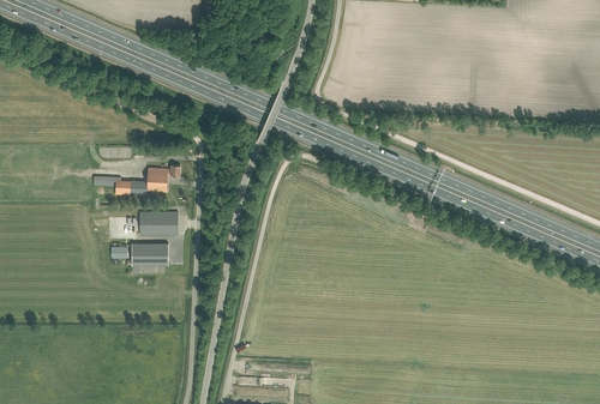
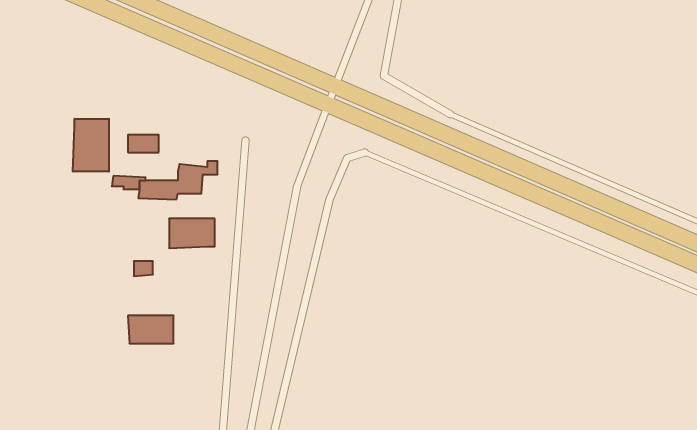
building: none -> [73,119,109,172]
building: [131,242,168,265] -> [128,316,174,343]

